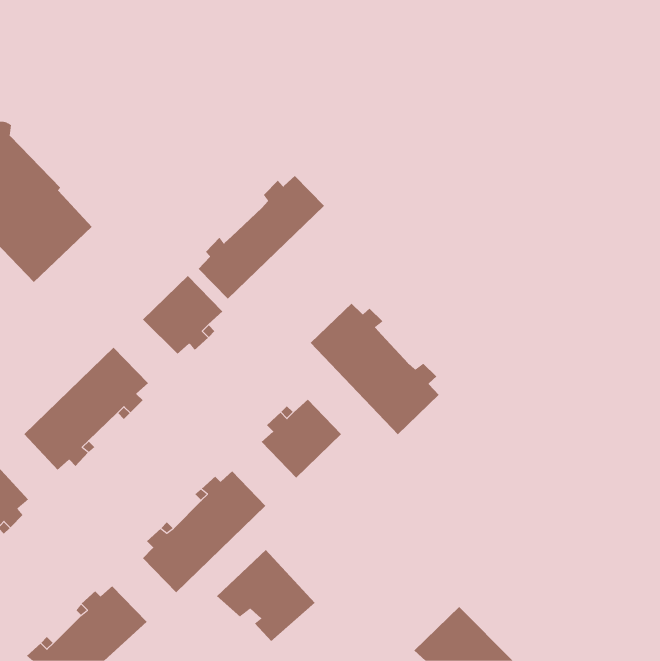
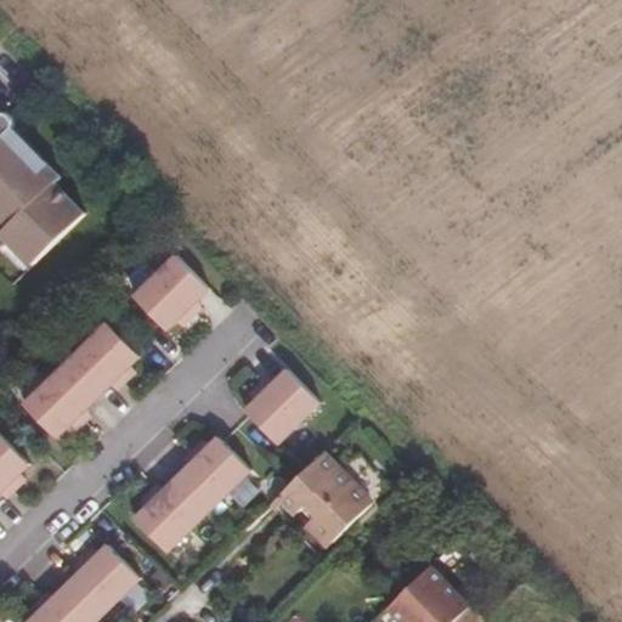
building: [198,175,325,300] -> none
building: [310,303,439,435] -> none
building: [216,549,315,642] -> [276,457,368,543]

